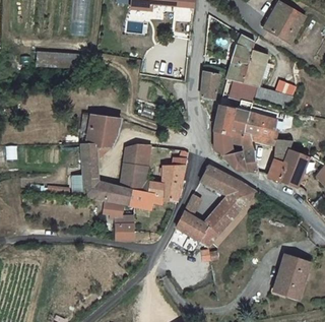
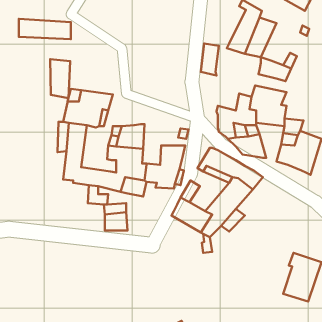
building: [221,75,254,99] -> none
building: none -> [50,59,70,98]
building: [215,105,249,131] -> none

